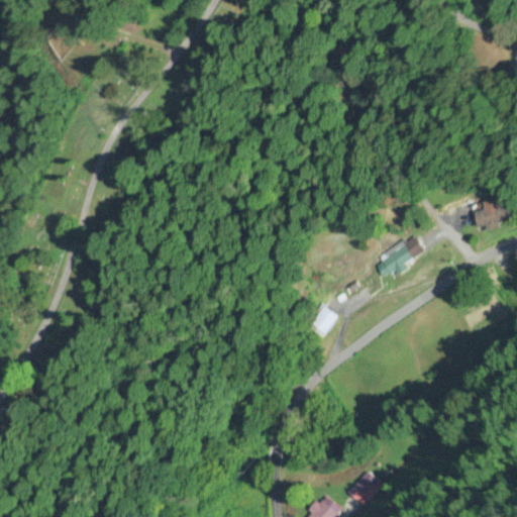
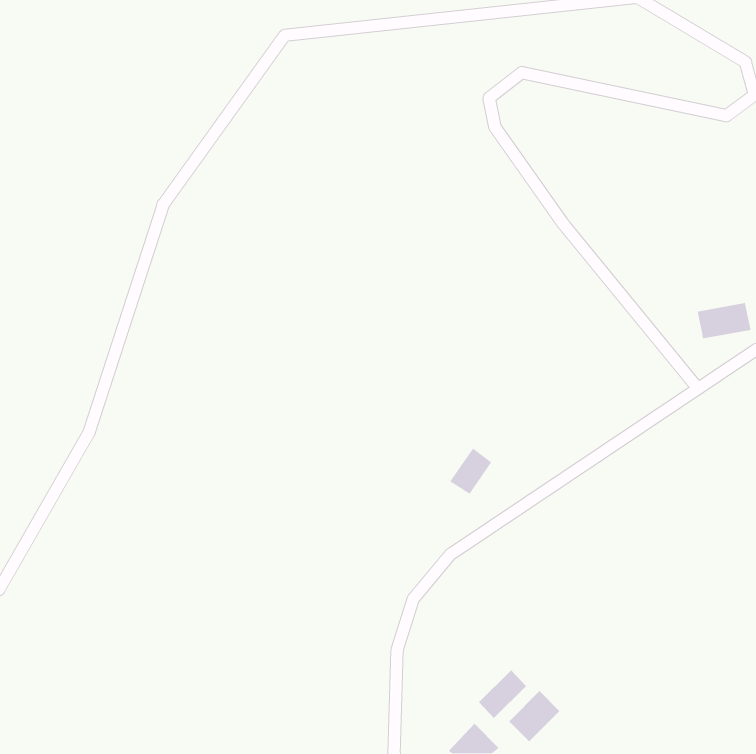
building: [375,235,425,279] -> none
building: none -> [478,669,527,719]

